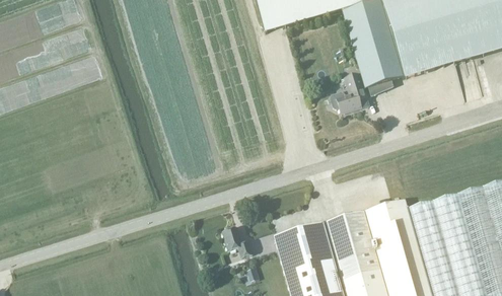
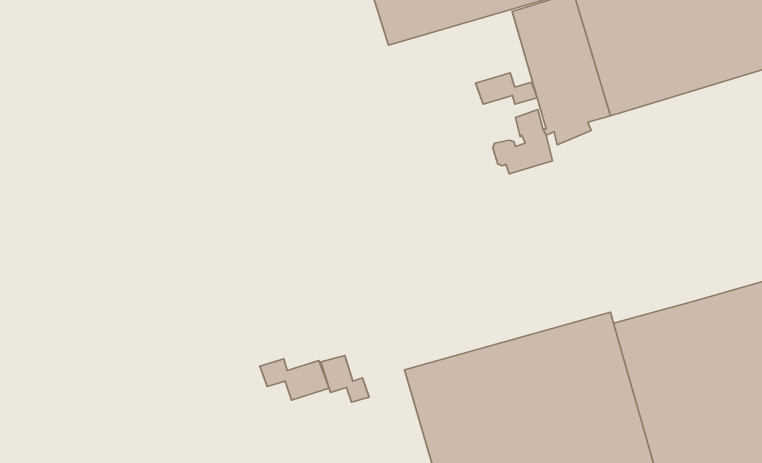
building: none -> [475,73,537,104]
building: none -> [260,359,329,400]

